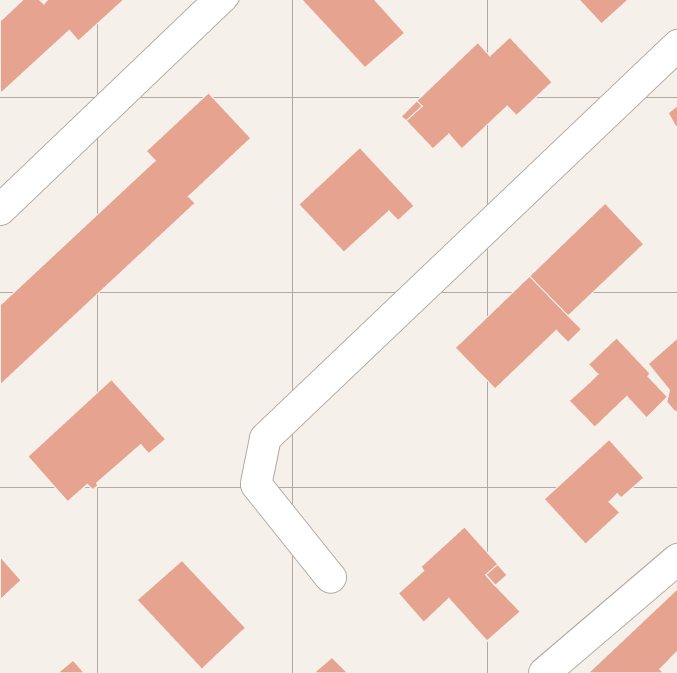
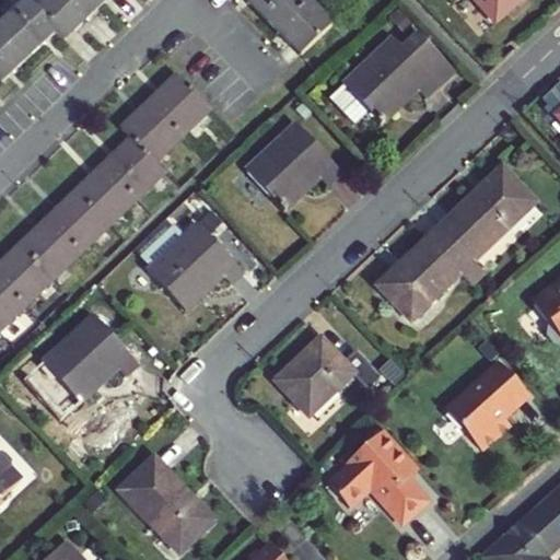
building: none -> [141,221,244,308]
building: [569,338,668,427] -> none
building: none -> [281,338,387,410]

